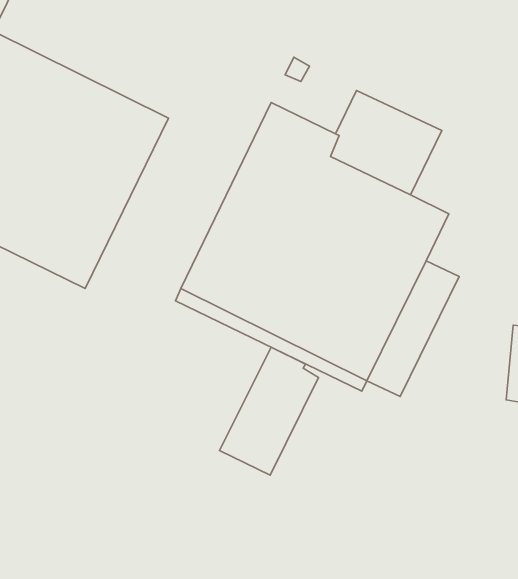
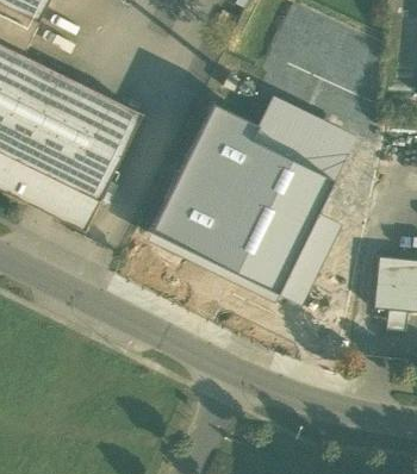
building: none -> [307,123,355,180]
building: [219,347,319,475] -> none

